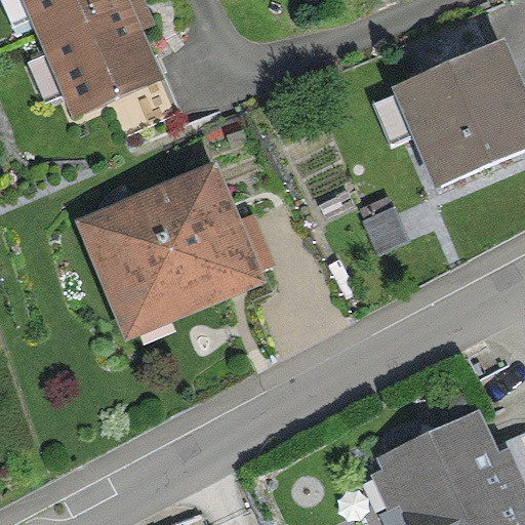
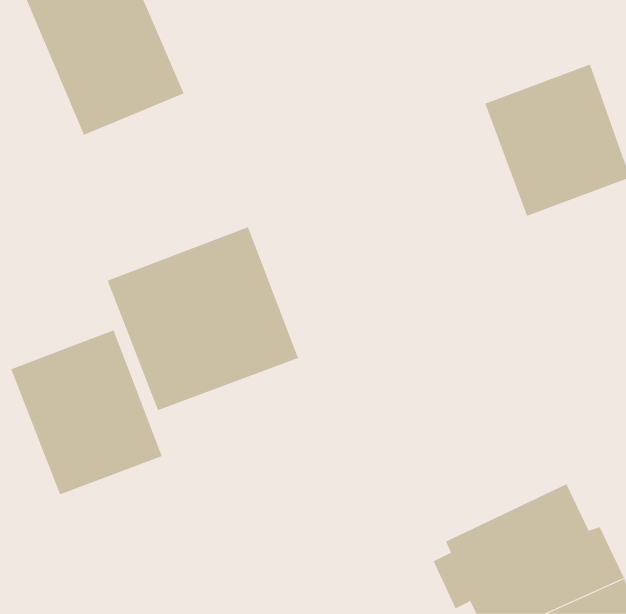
building: none -> [11,329,162,495]

